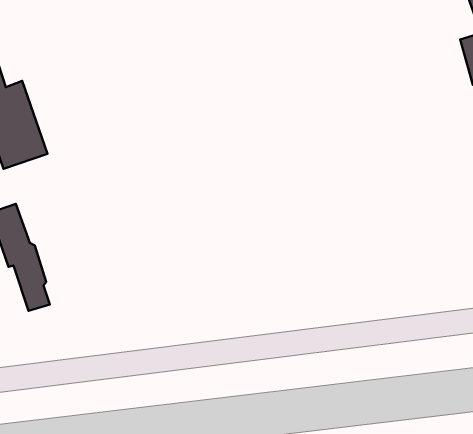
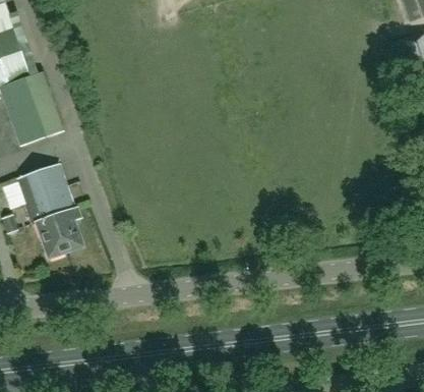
building: none -> [37,162,82,251]

